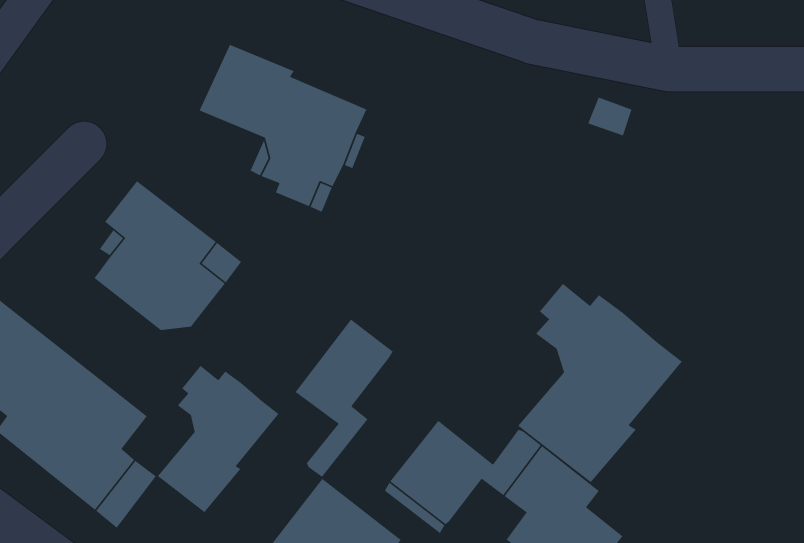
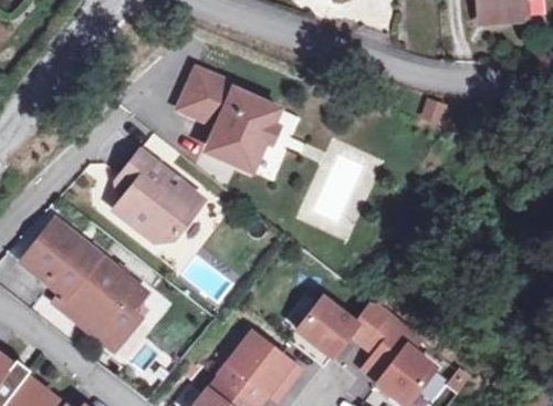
building: [517,283,683,483] -> none
building: [295,318,394,478] -> none
building: [157,365,279,513] -> none

